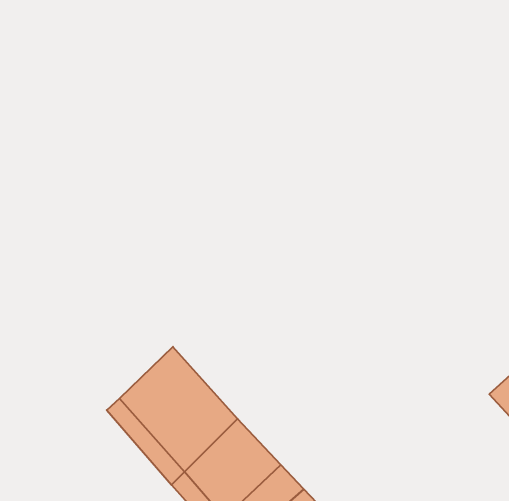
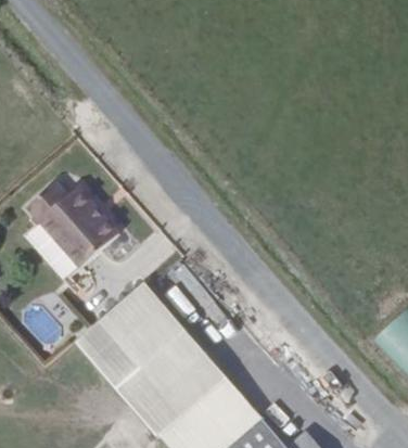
building: none -> [24,181,114,267]

